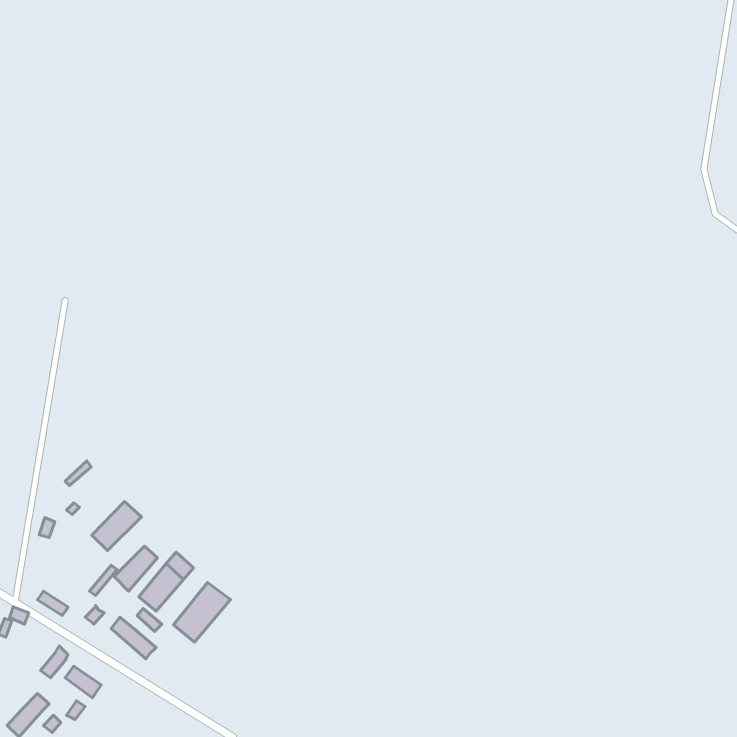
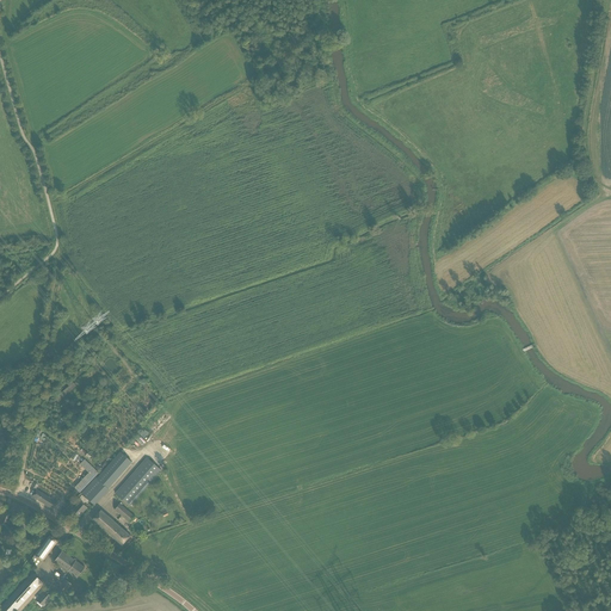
building: [92,501,142,551] -> none
building: [173,582,230,642] -> none

